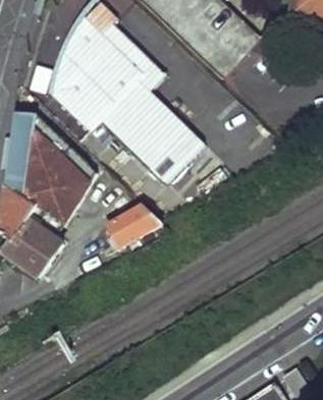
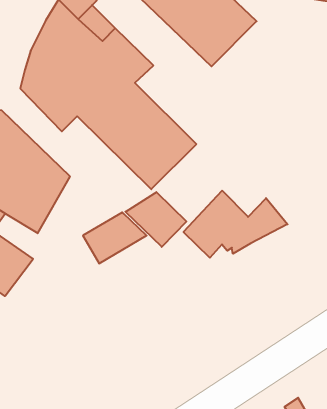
building: none -> [184,191,288,258]
building: none -> [125,192,186,247]

